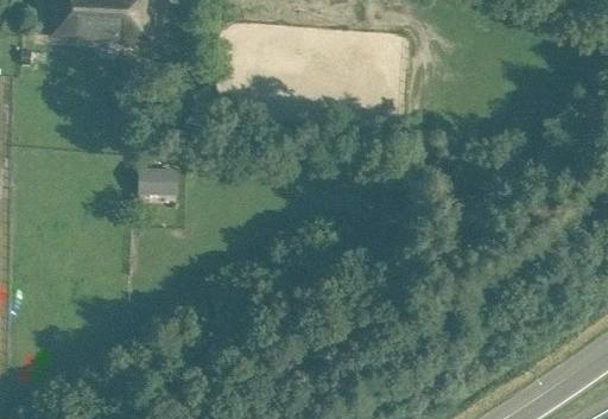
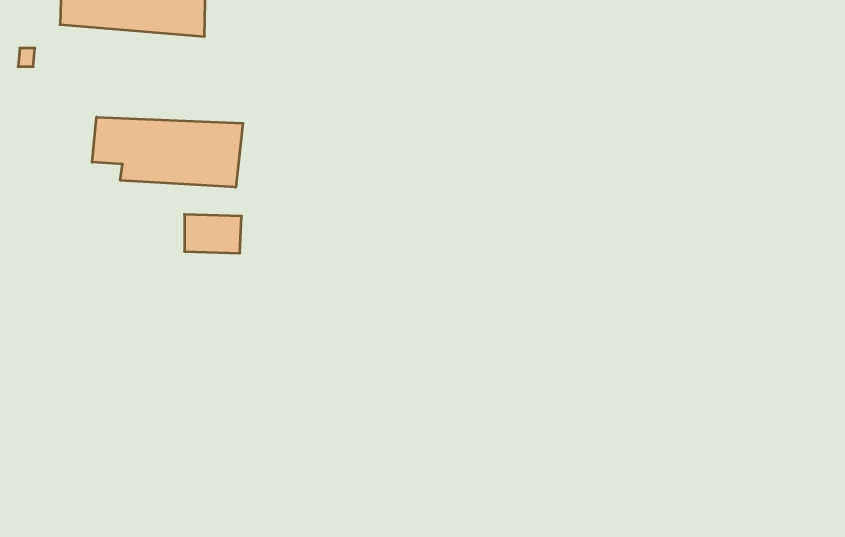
building: none -> [92,117,243,187]

